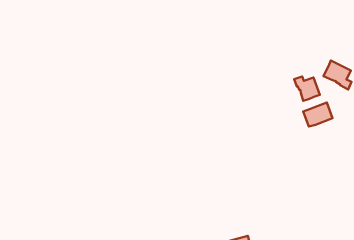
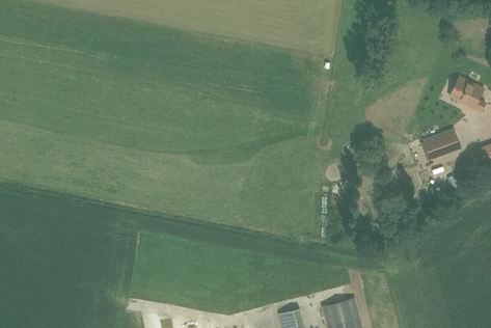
building: [294,77,320,101] -> none

